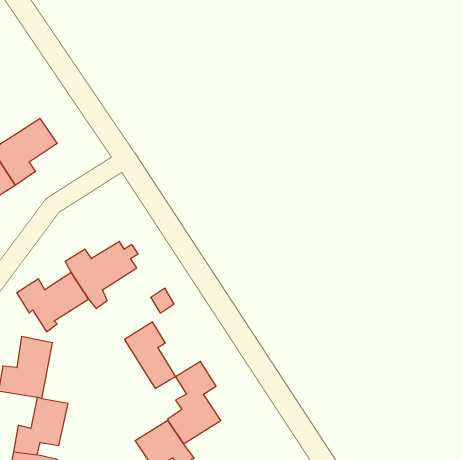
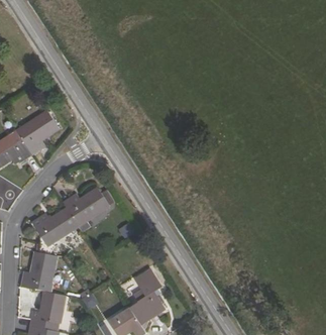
building: [124,322,176,389] -> none

